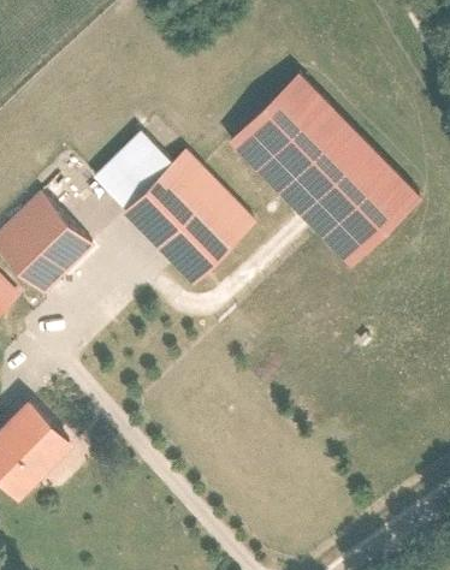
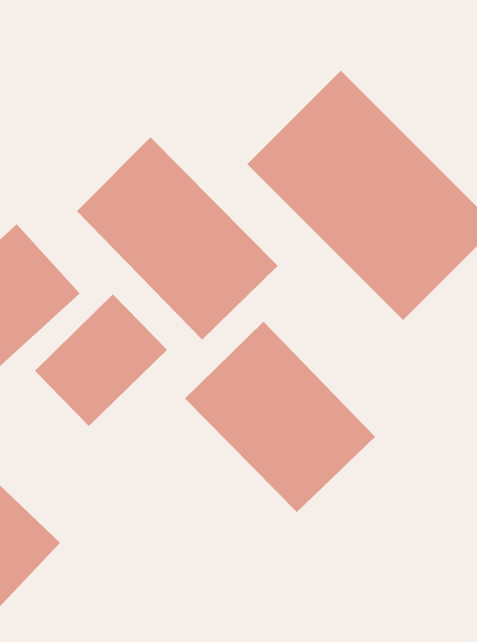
building: none -> [34,293,168,427]
building: none -> [184,321,376,513]

